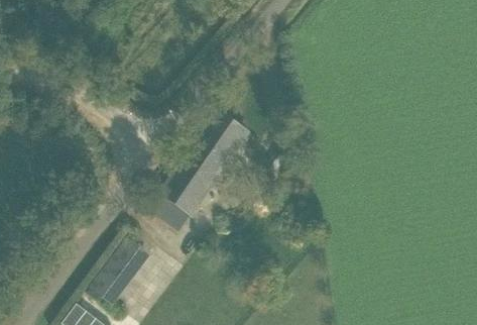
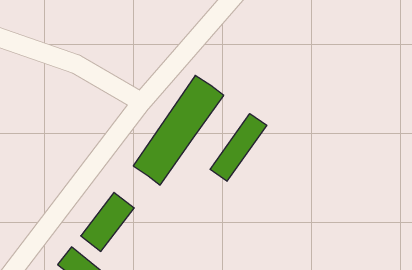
building: none -> [210,114,267,181]

